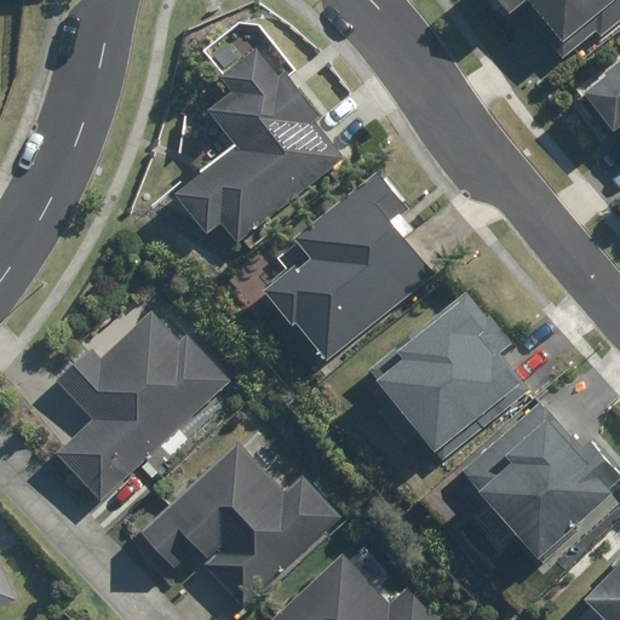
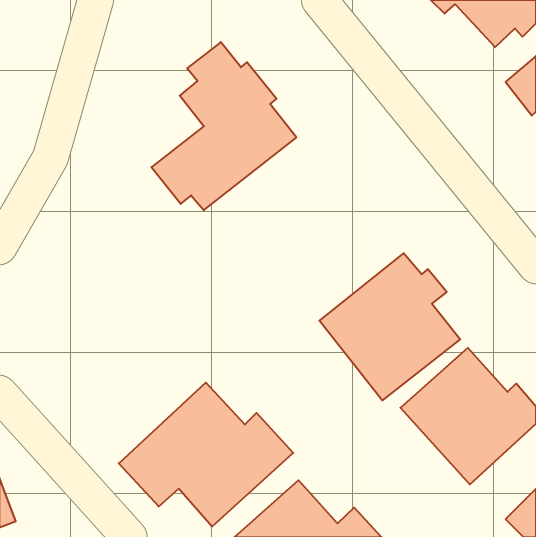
building: [260,168,432,364] -> none
building: [52,311,232,507] -> none

